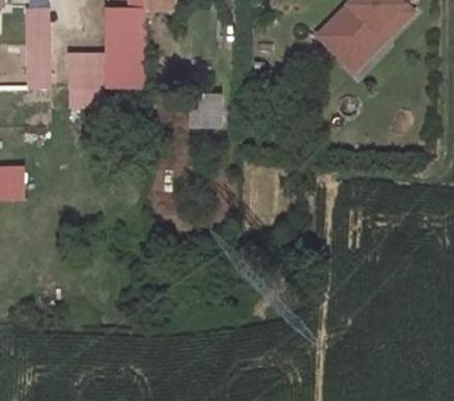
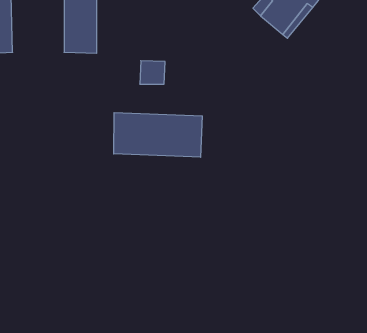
building: [68,54,105,107] -> none
building: none -> [114,113,202,157]

